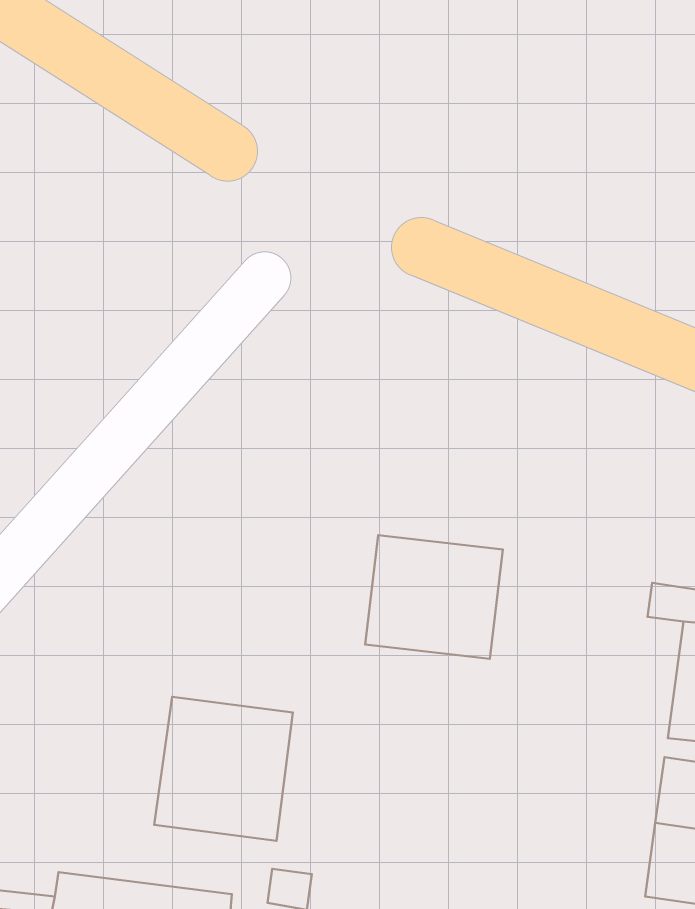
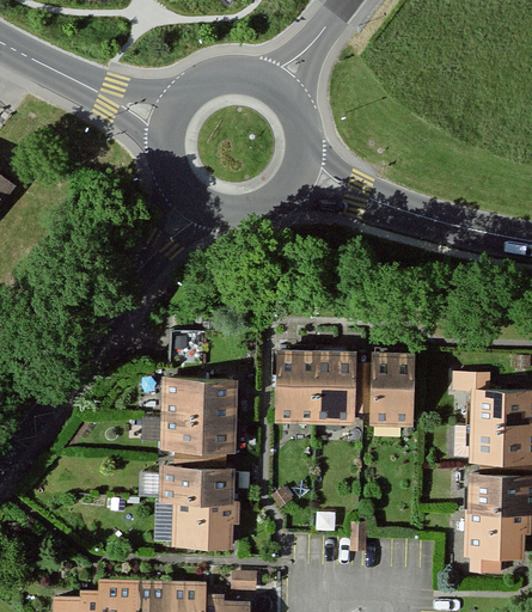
building: none -> [373,356,416,426]
building: none -> [159,378,237,454]

